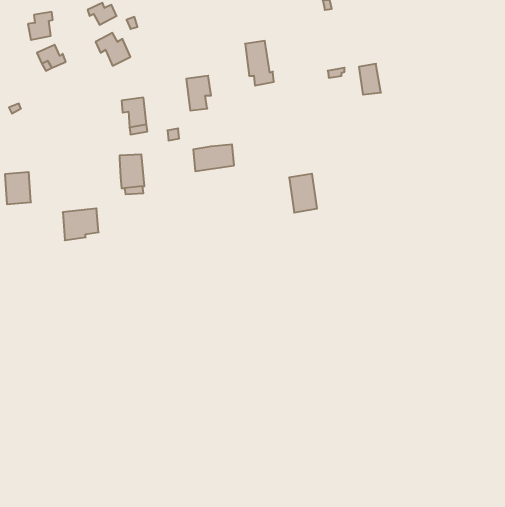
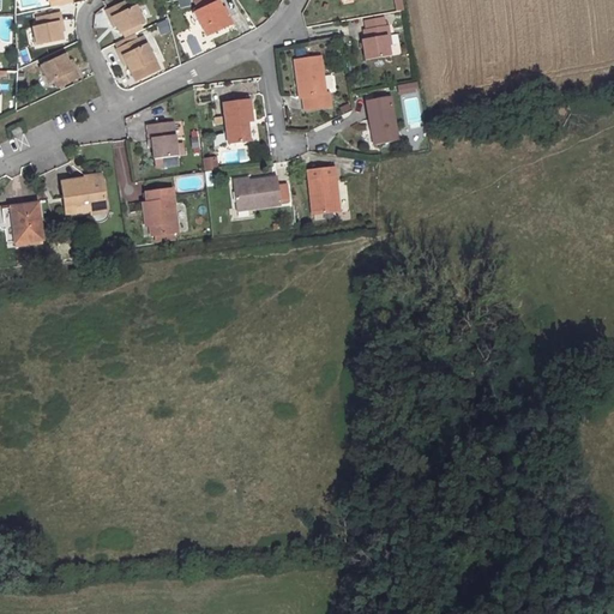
building: none -> [194,8,234,37]
building: none -> [367,25,390,59]
building: [359,64,381,95] -> [369,103,396,140]
building: [289,174,317,213] -> [309,162,343,209]
building: [63,208,99,240] -> [59,175,102,213]

